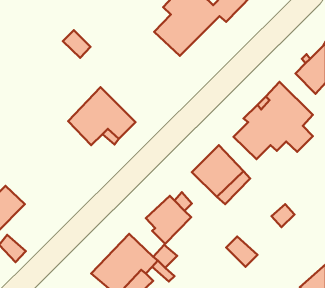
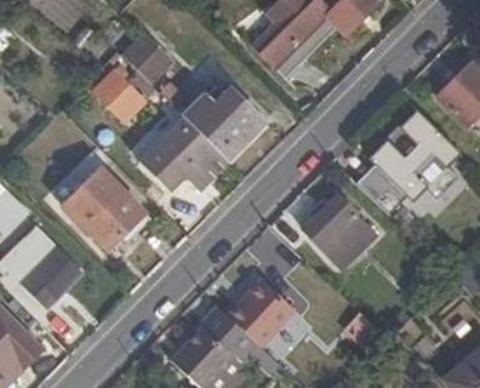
building: none -> [92,50,155,122]
building: none -> [182,90,261,161]
building: none -> [64,166,144,247]

